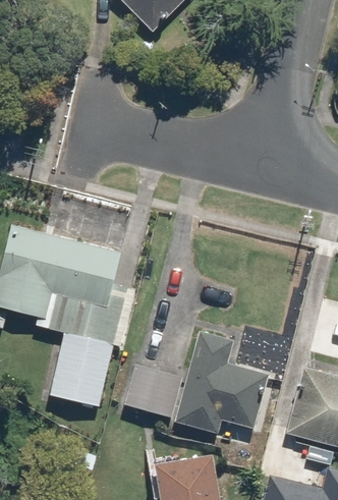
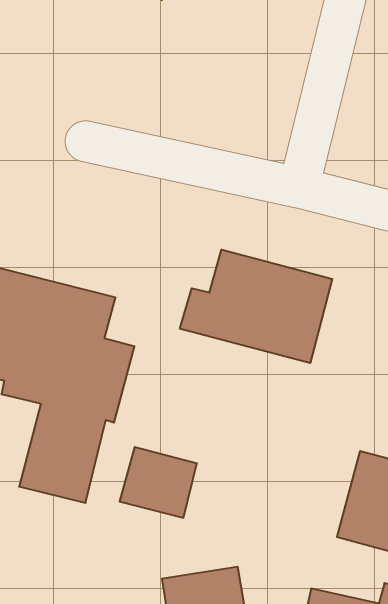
building: none -> [180,250,332,363]
building: [175,331,268,434] -> none

